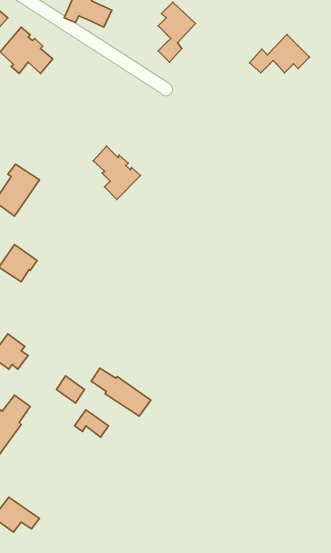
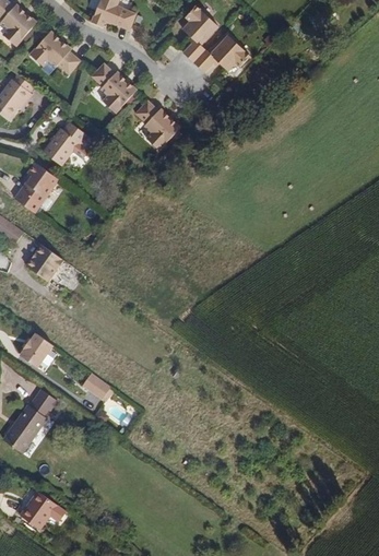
building: [249,34,309,73] -> [193,37,251,74]
building: none -> [90,63,135,114]
building: none -> [37,122,82,164]
building: [93,146,141,199] -> [133,100,179,152]
building: [91,368,151,416] -> none

